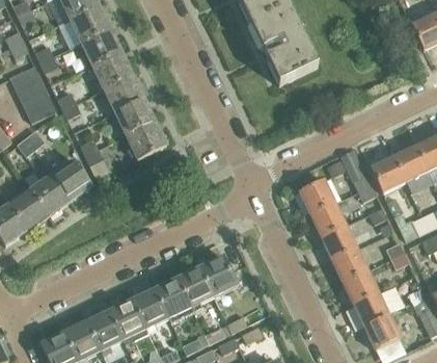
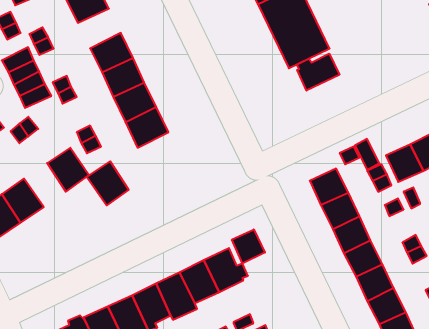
building: [81,29,121,67] -> none
building: none -> [297,54,339,91]
building: [30,175,70,216] -> [87,161,129,205]
building: none -> [232,229,265,264]

